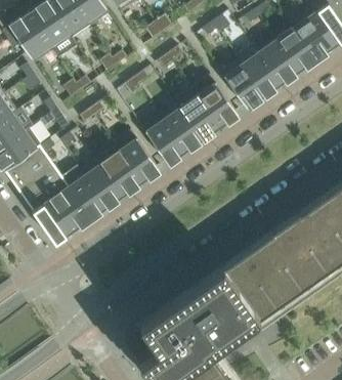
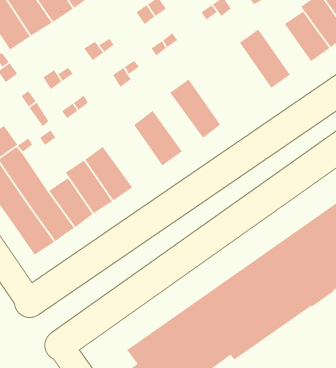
building: [254,41,300,86] -> none
building: [222,57,265,111] -> none
building: [193,77,240,130] -> none
building: [161,101,205,154] -> none
building: [117,140,161,185] -> none

